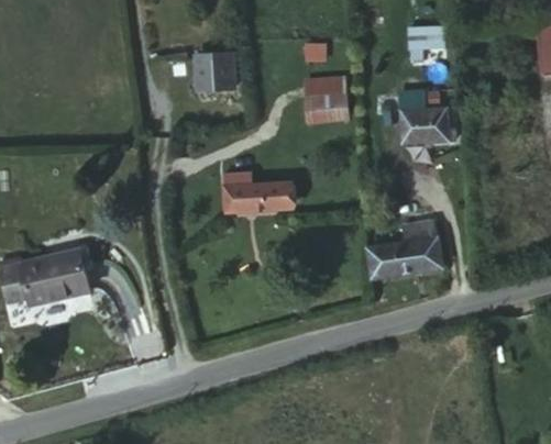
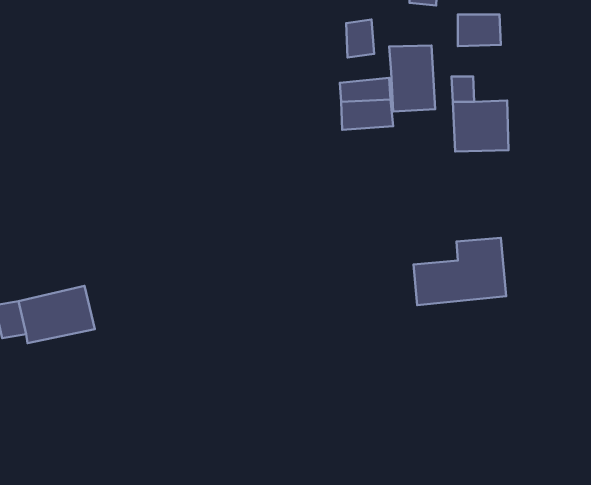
building: none -> [389,46,435,111]
building: [199,55,235,89] -> none
building: [222,171,295,218] -> none

